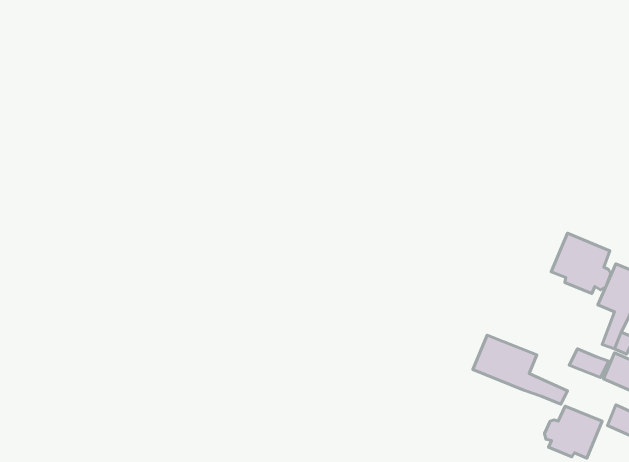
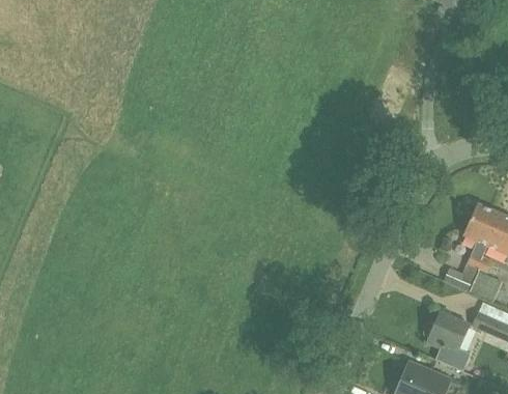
building: [551,233,611,294] -> none
building: [473,335,567,404] -> none

